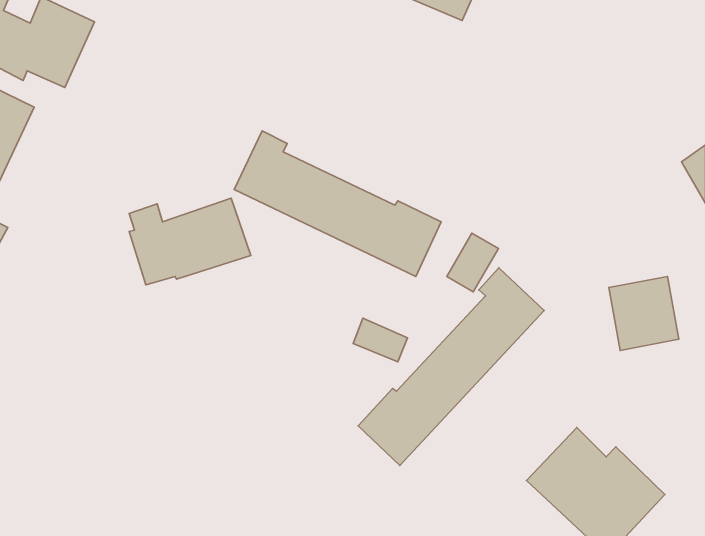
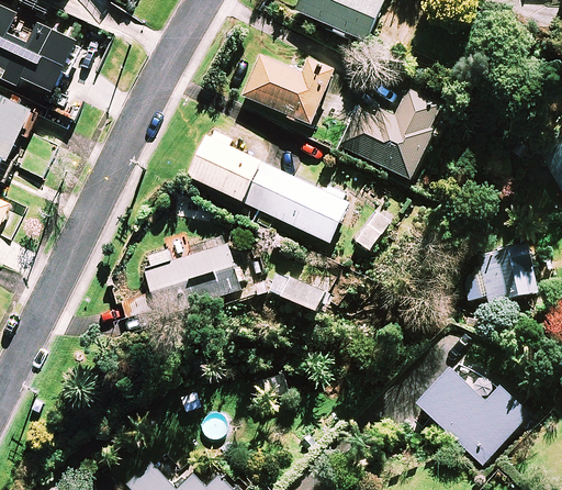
building: none -> [240,55,334,125]
building: none -> [339,87,445,179]
building: [129,198,251,285] -> [144,243,239,311]
building: [358,268,544,466] -> none

